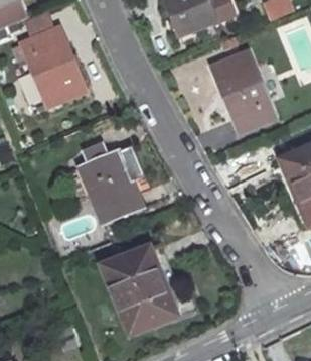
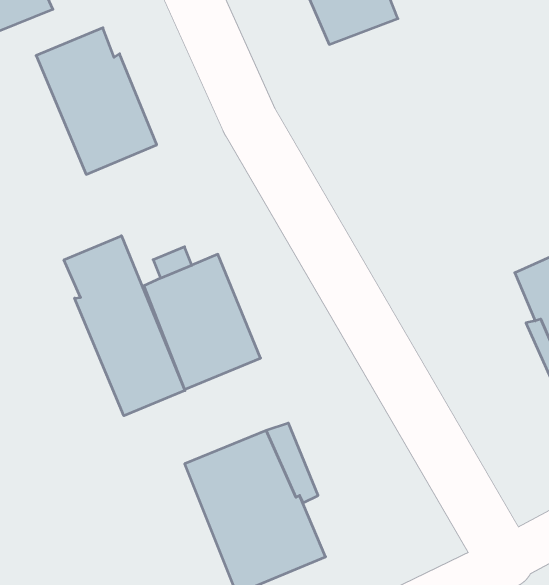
building: [210,49,275,130] -> none
building: none -> [64,236,185,416]

